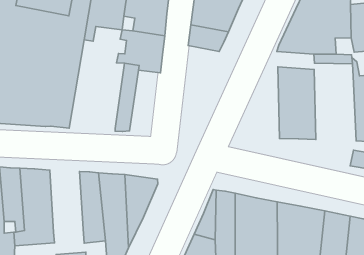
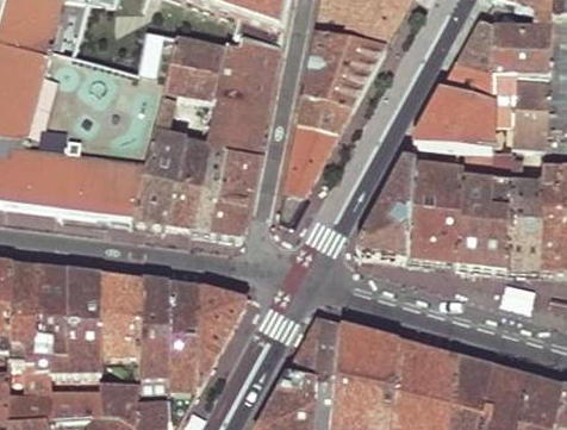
building: none -> [131,105,180,224]
building: none -> [280,123,337,223]
building: none -> [164,135,211,225]
building: none -> [356,160,413,255]
building: none -> [456,167,512,266]
building: none -> [211,150,257,233]
building: none -> [100,274,141,356]

